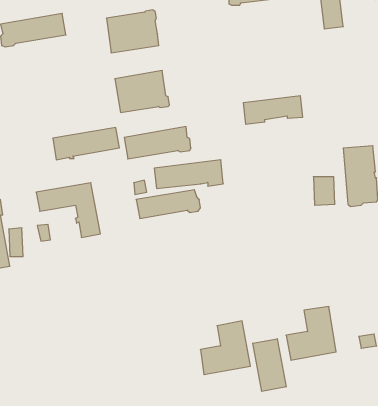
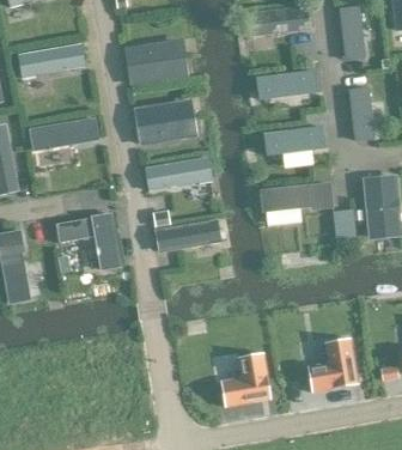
building: none -> [257,69,317,98]
building: none -> [349,86,374,139]
building: [53,128,119,160] -> [31,117,98,150]
building: [154,160,223,188] -> [263,182,333,211]
building: [253,339,286,391] -> none

